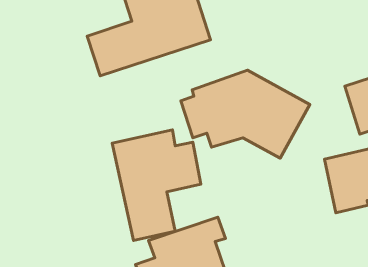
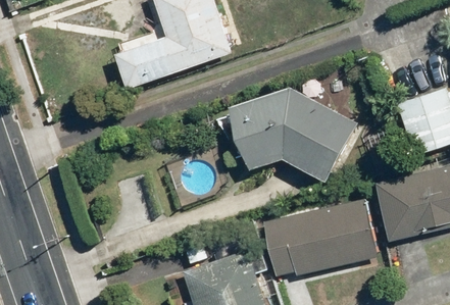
building: [112,130,201,240] -> none
building: none -> [261,198,378,277]

